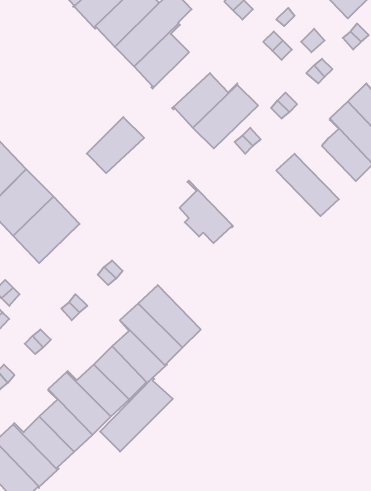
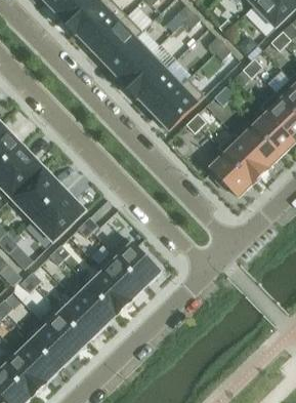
building: [87,117,144,173] -> [121,53,166,97]
building: none -> [232,127,281,169]
building: [180,181,233,243] -> [211,147,253,196]
building: none -> [32,189,85,242]
building: [100,378,173,452] -> none

